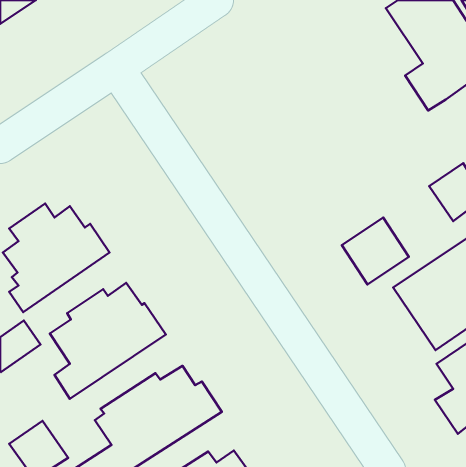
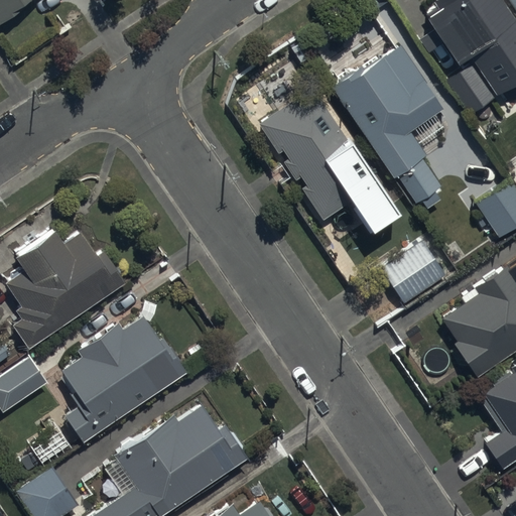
building: none -> [334,52,450,214]
building: none -> [260,91,402,242]

